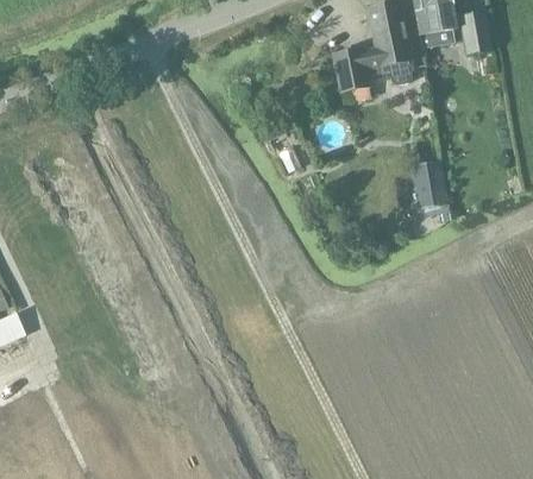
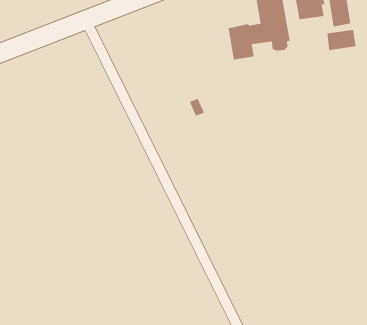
building: none -> [327,29,356,51]
building: [412,160,447,207] -> none

